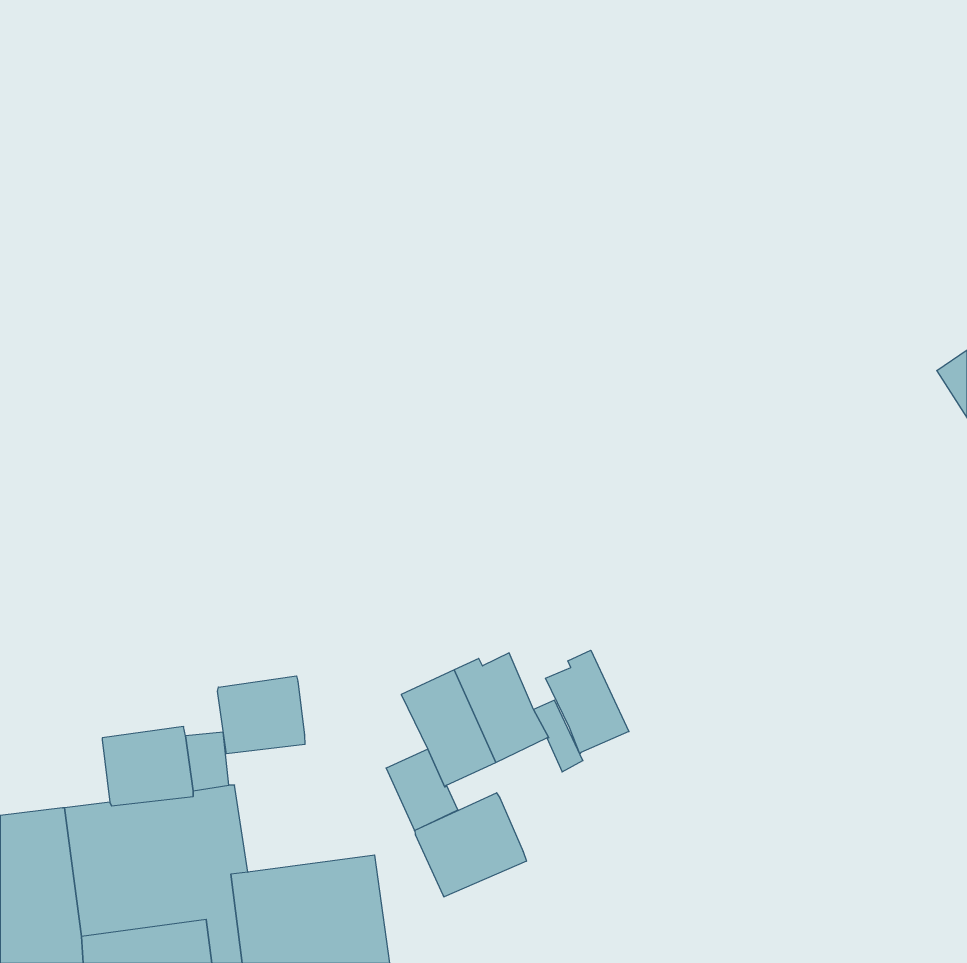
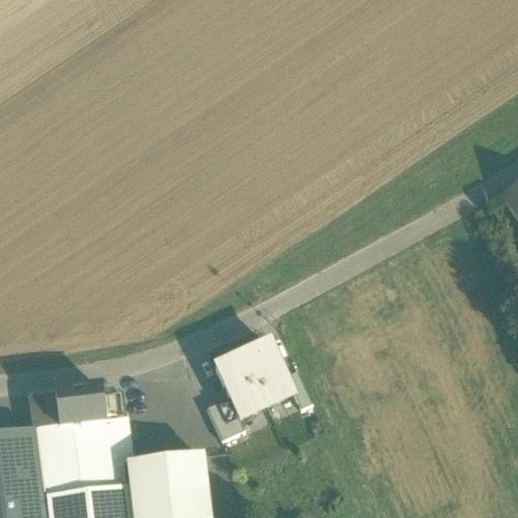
building: [546,650,629,754] -> none
building: [218,676,305,754] -> none
building: none -> [29,396,59,432]
building: [415,793,526,897] -> none

